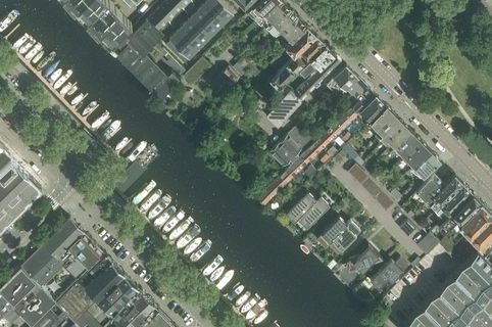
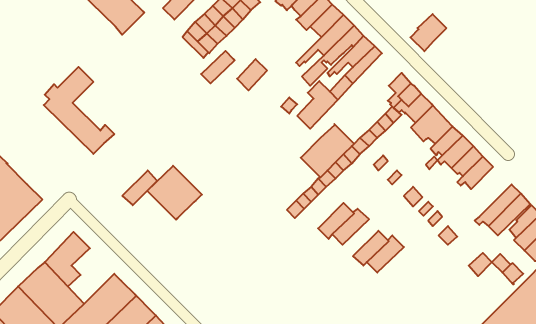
building: [117,21,180,98] -> [44,67,114,154]
building: [327,66,358,99] -> [410,14,446,51]
building: none -> [147,166,202,220]
building: [415,176,445,205] -> none
building: [64,233,105,282] -> none
building: [347,245,382,275] -> none
building: [370,260,408,290] -> none

